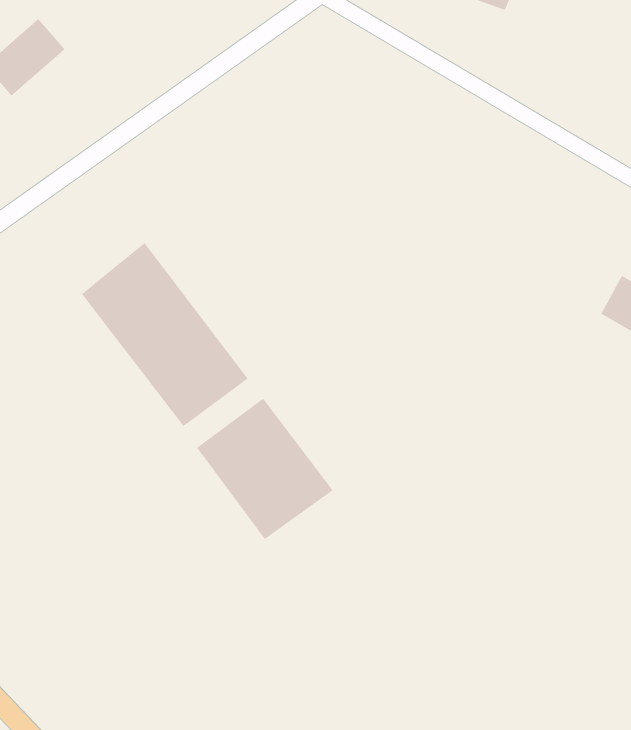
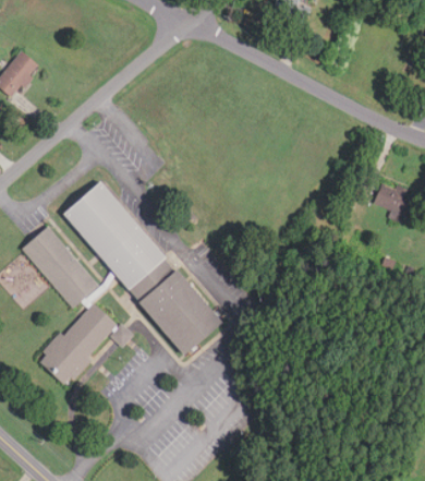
building: none -> [21,225,99,309]
building: none -> [38,303,118,385]

